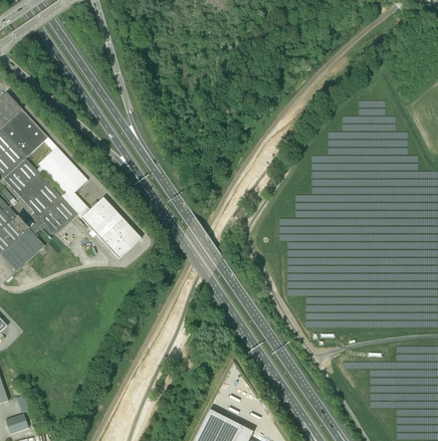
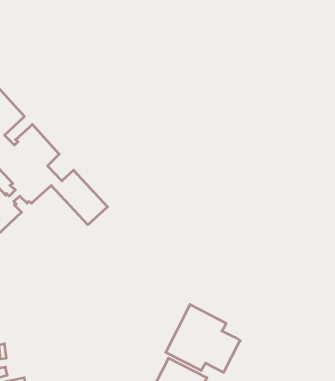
building: none -> [166,304,240,372]

